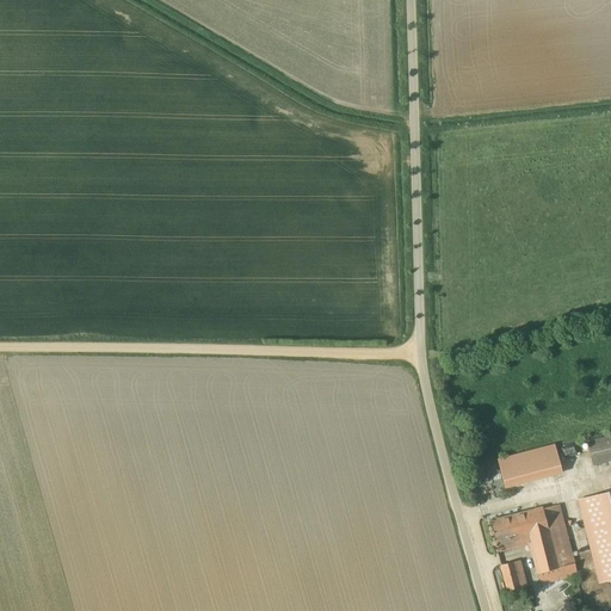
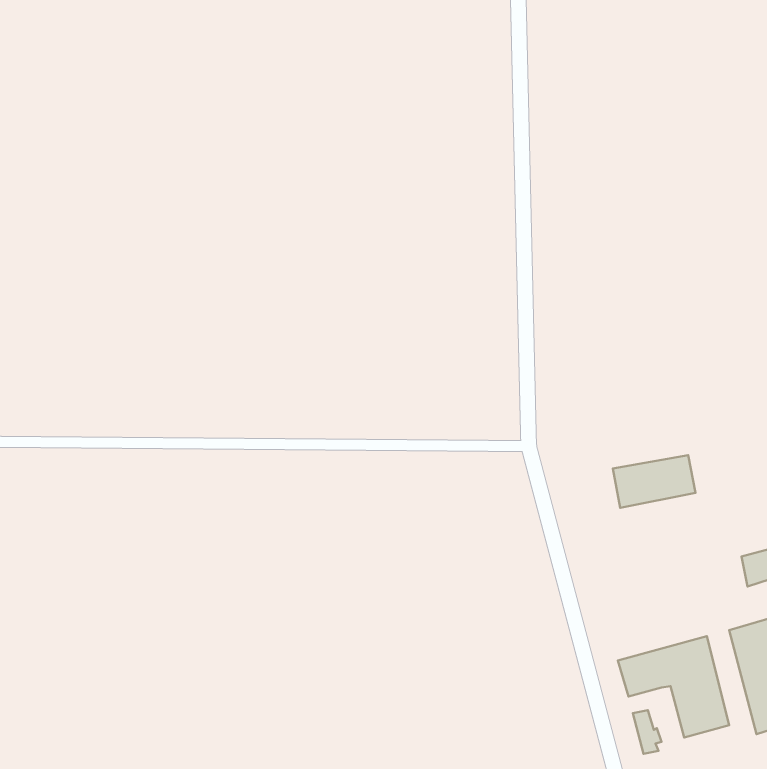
building: [496,445,562,487] -> [613,455,696,508]

